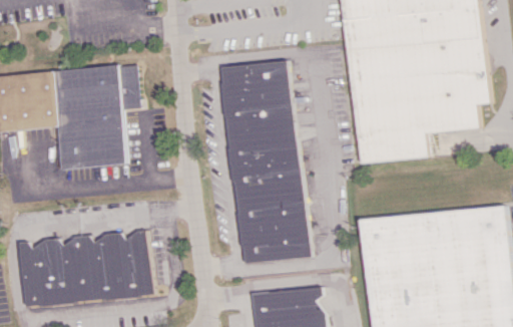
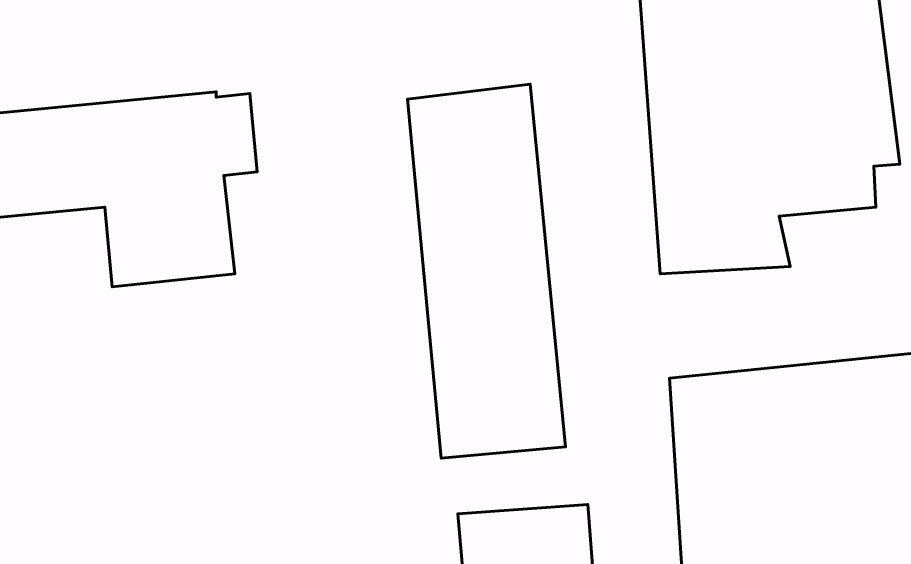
building: [21,230,153,306] -> none

